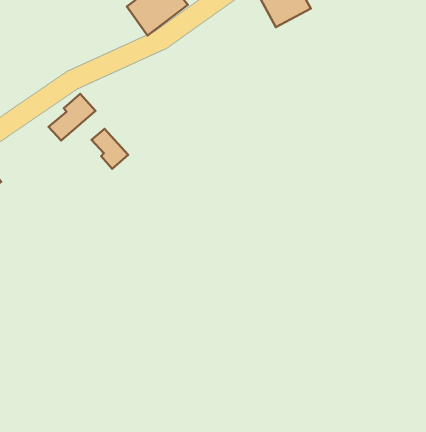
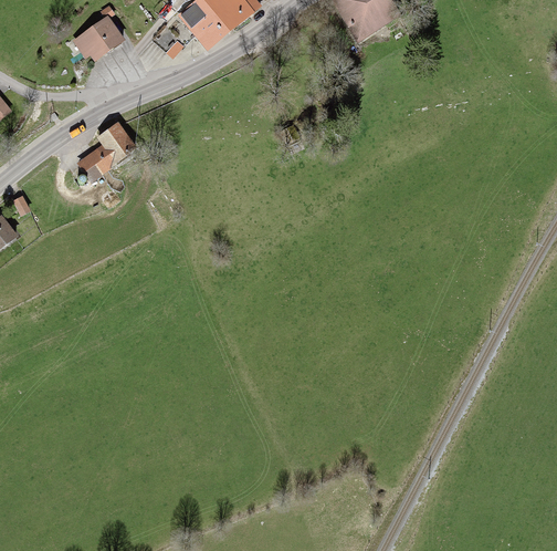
building: none -> [71,17,120,58]
building: [91,129,128,169] -> none

